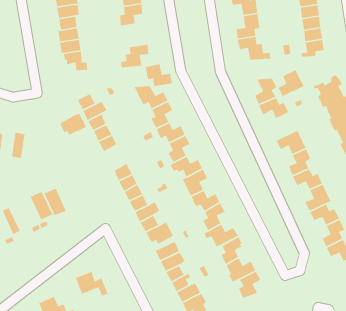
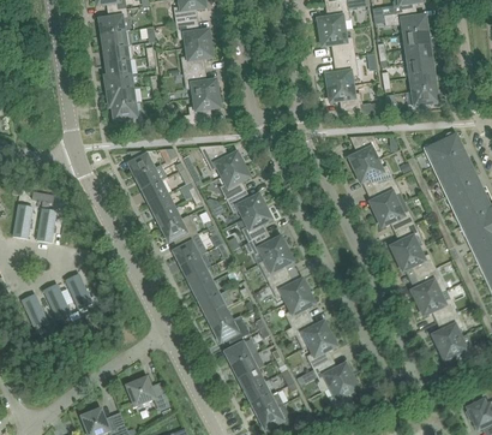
building: [145,64,173,87] -> [182,67,217,96]
building: [277,69,304,97] -> [370,178,403,213]
building: [59,113,87,136] -> [162,214,197,243]
building: [44,187,67,216] -> [49,285,78,321]

